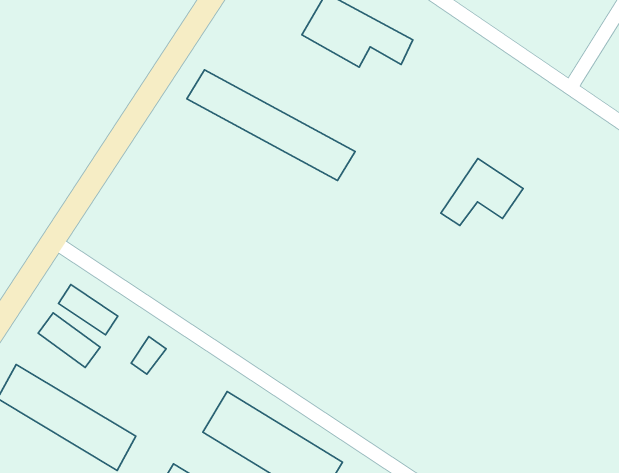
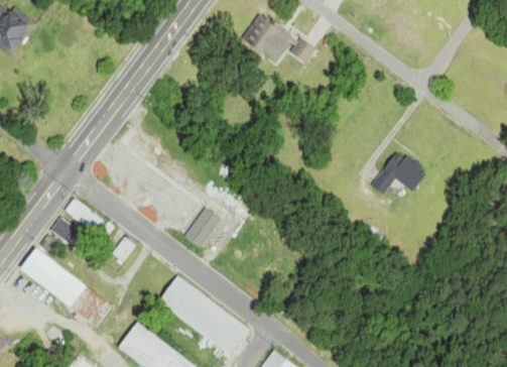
building: [187,70,355,180] -> none
building: [441,158,523,226] -> [371,149,427,194]
building: none -> [183,208,222,247]

